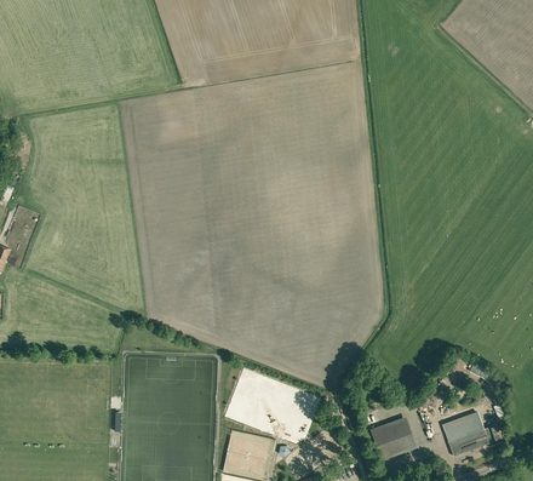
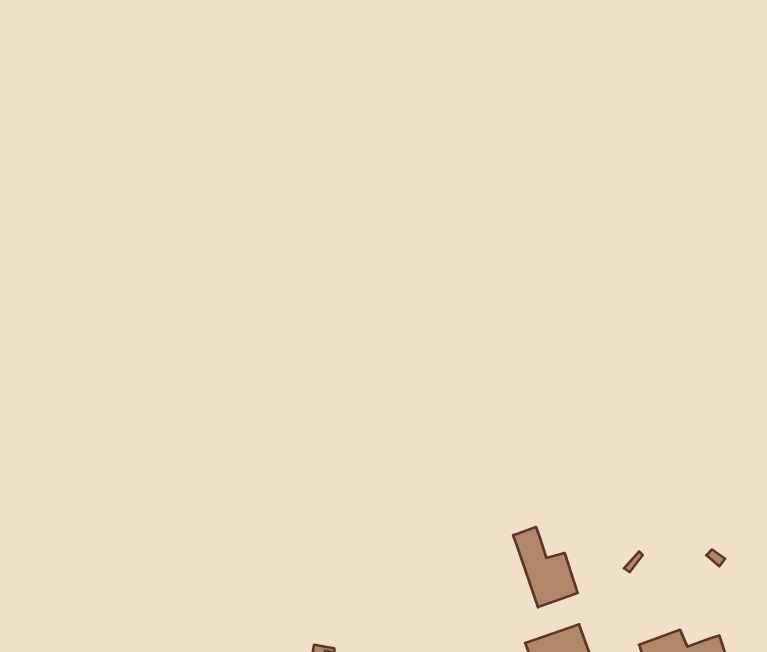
building: none -> [513,527,578,607]

